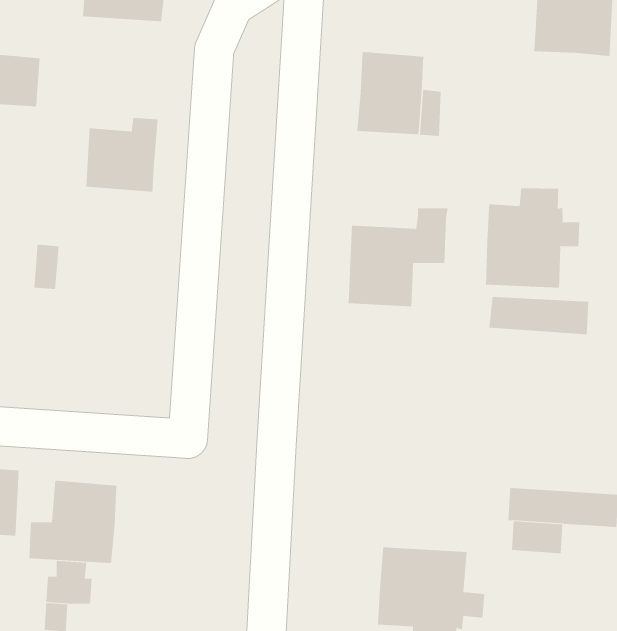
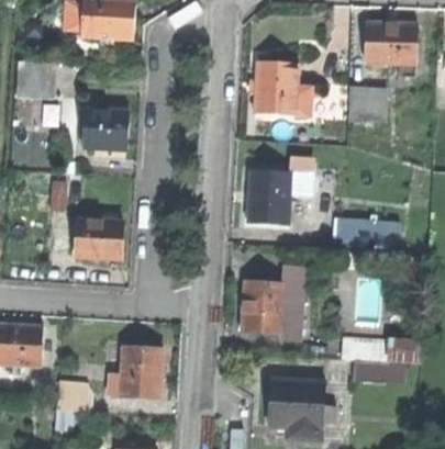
building: none -> [351,88,386,120]
building: [486,187,580,289] -> none
building: none -> [77,218,121,260]
building: none -> [240,268,301,333]
building: [29,480,117,564] -> [107,346,163,399]

